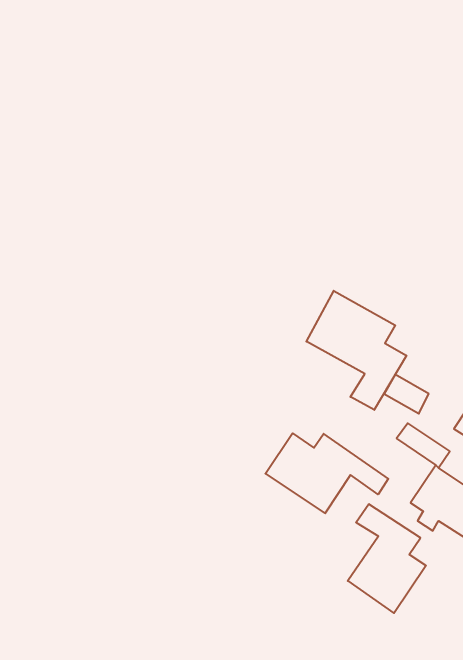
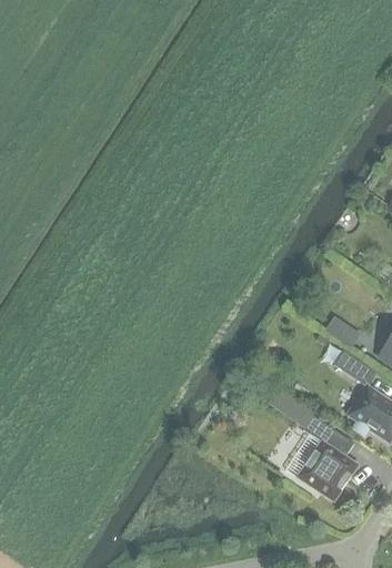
building: [306,291,406,410] -> none
building: [265,433,388,513] -> none

